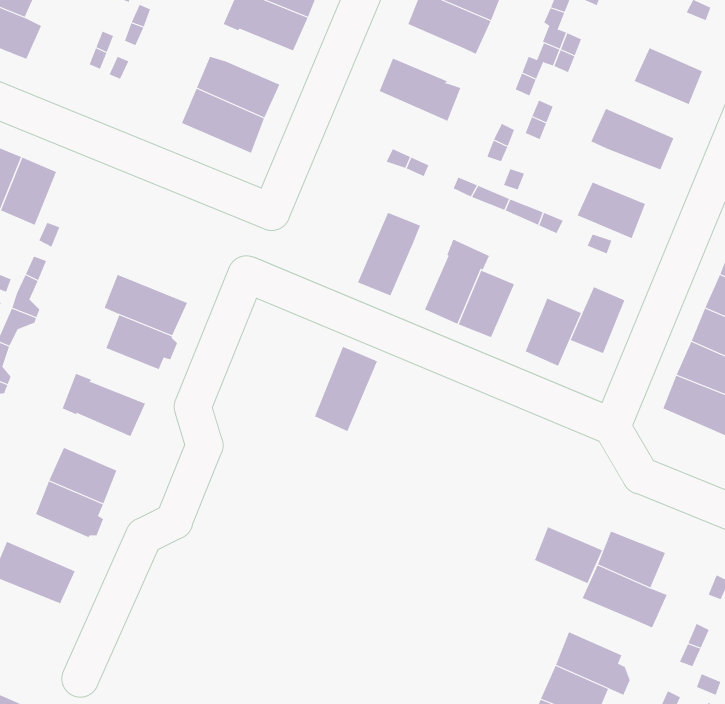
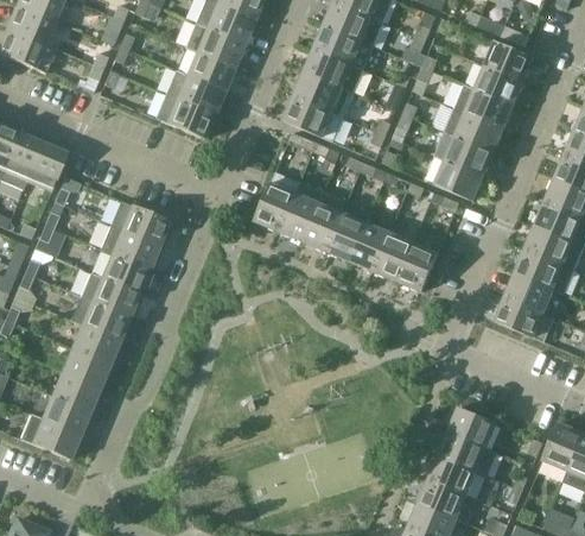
building: none -> [485,42,534,82]
building: none -> [304,49,363,94]
building: none -> [186,52,234,92]
building: none -> [454,84,514,130]
building: none -> [284,96,343,141]
building: none -> [445,137,494,176]
building: none -> [109,201,172,246]
building: none -> [303,203,343,251]
building: [570,287,625,354] -> [374,233,413,280]
building: none -> [80,273,140,317]
building: [314,346,378,432] -> [255,171,300,232]
building: none -> [71,324,120,365]
building: none -> [42,396,93,436]
building: [534,527,603,584] -> [428,455,477,496]

